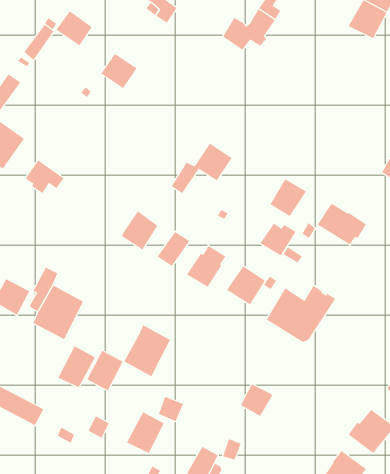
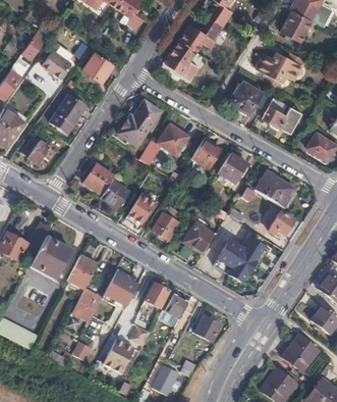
building: [55,10,93,46] -> [41,48,70,77]
building: none -> [168,39,196,77]
building: none -> [258,51,304,88]
building: none -> [230,81,269,114]
building: none -> [51,95,86,133]
building: none -> [263,97,301,133]
building: none -> [118,100,160,146]
building: none -> [85,163,115,194]
building: [259,223,297,256] -> [191,141,221,167]
building: none -> [269,206,296,235]
building: none -> [136,283,169,307]
building: [58,346,96,388] -> [67,255,98,289]
building: none -> [162,294,189,325]

